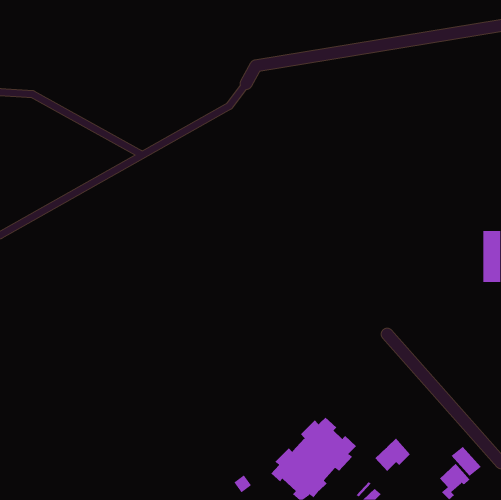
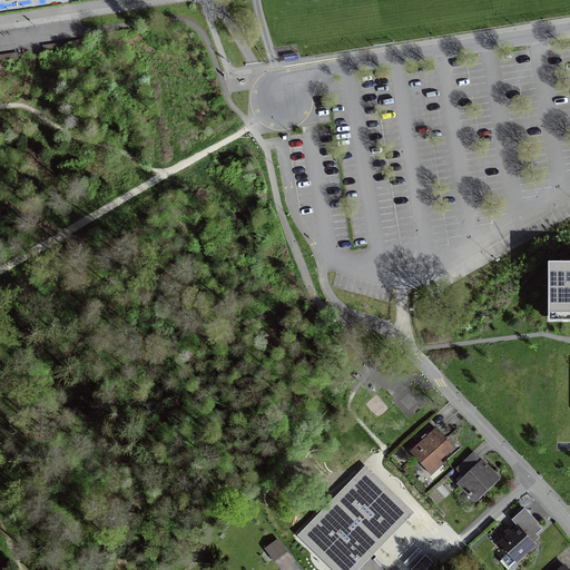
building: none -> [411,429,452,470]
building: [375,437,411,472] -> [456,459,498,498]

